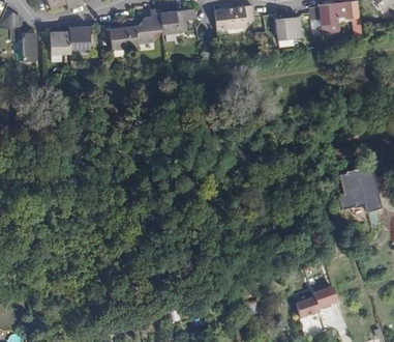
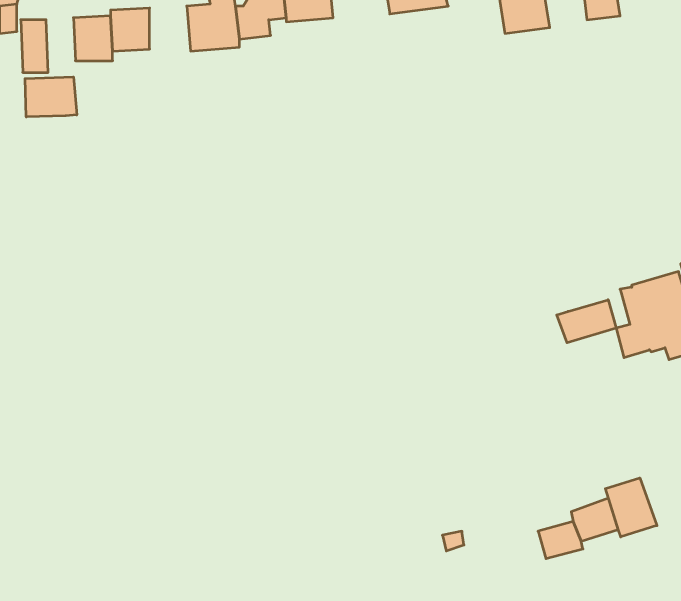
building: none -> [25,77,77,117]
building: none -> [557,300,616,343]
building: none -> [605,478,657,537]

